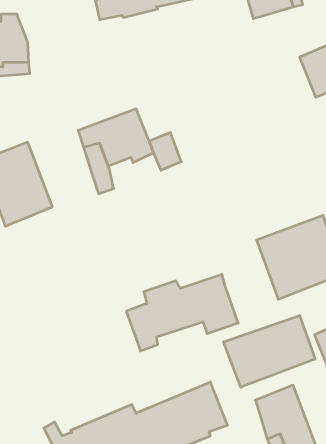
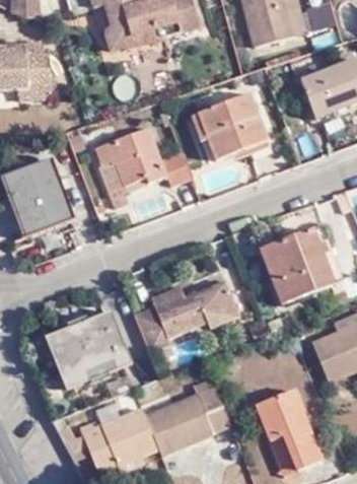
building: none -> [193,92,263,159]
building: none -> [49,312,123,387]
building: [224,315,315,387] -> none

